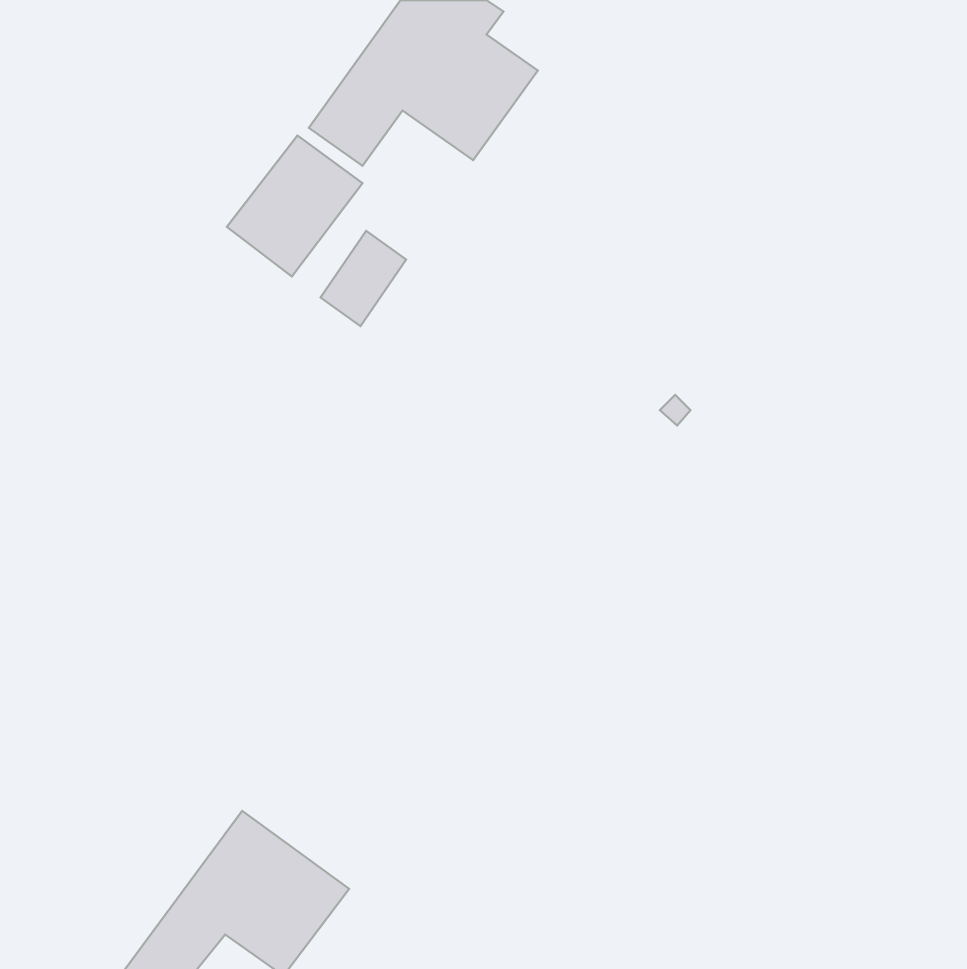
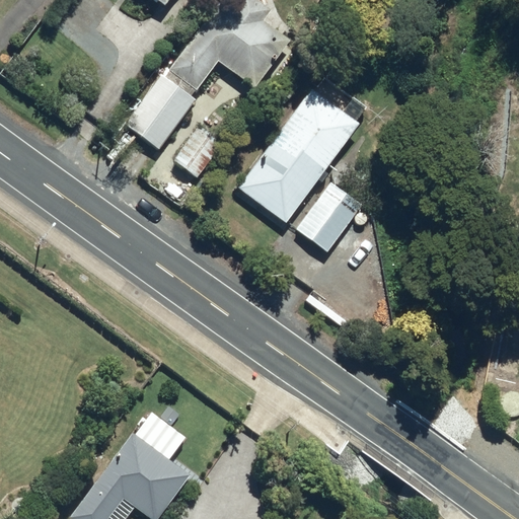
building: none -> [238,89,359,224]
building: none -> [297,183,362,252]

